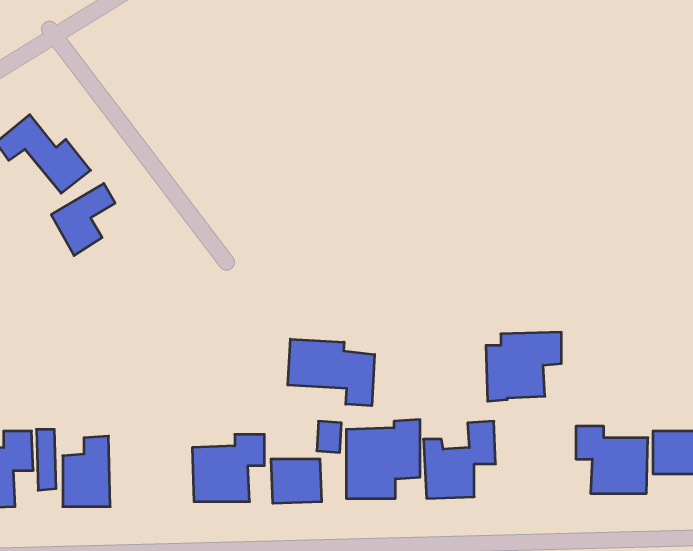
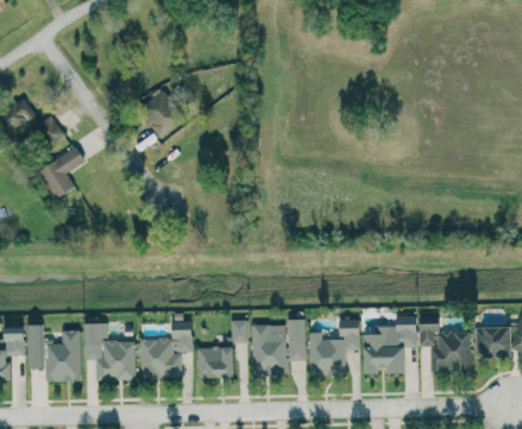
building: none -> [137,86,185,137]
building: [486,332,561,401] -> [363,323,417,373]
building: [288,339,375,406] -> none
building: none -> [83,322,136,379]

